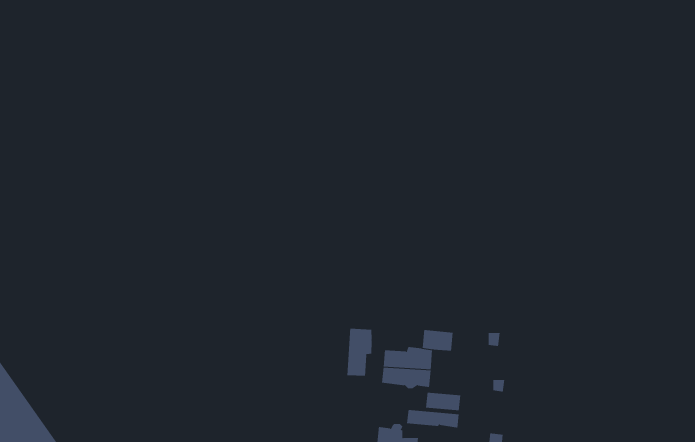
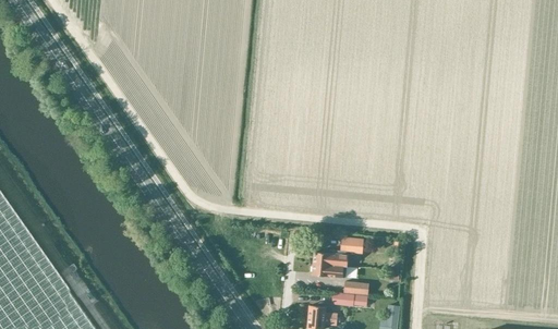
building: [347,328,372,377] -> none

